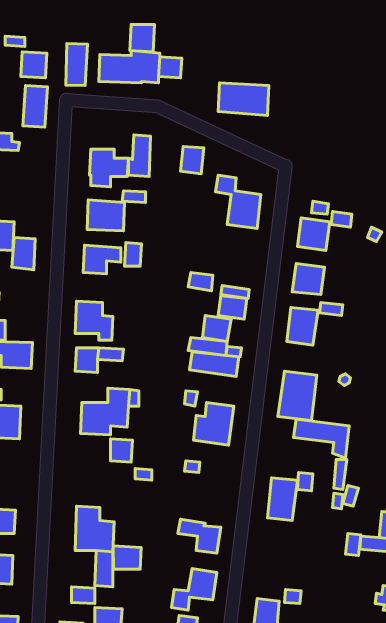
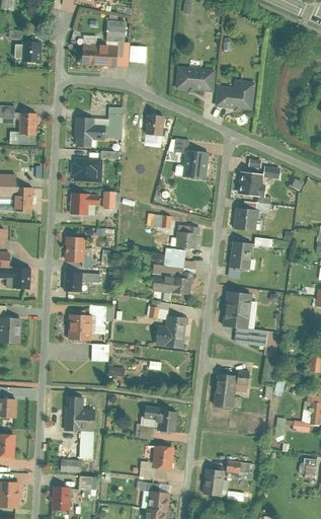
building: [66,43,87,86] -> none
building: [23,86,47,127] -> [18,113,37,145]
building: none -> [215,79,255,110]
building: [113,546,141,569] -> none

